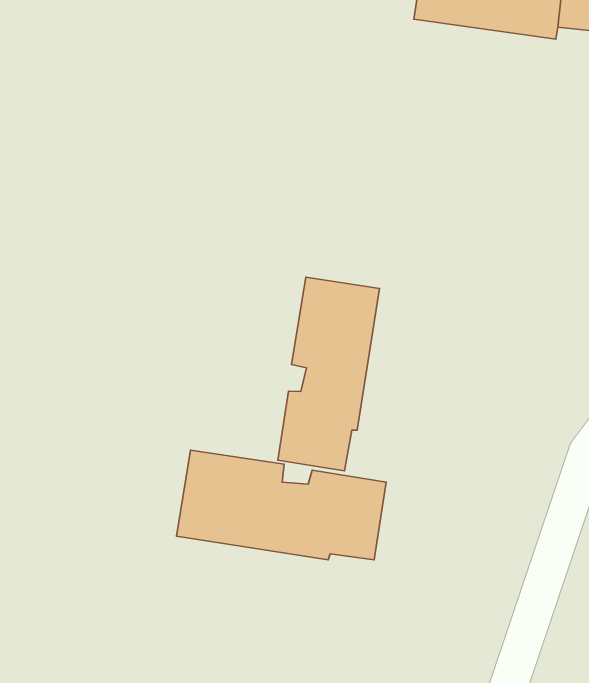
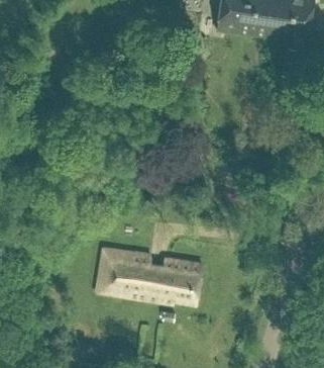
building: [278,277,379,471] -> none

